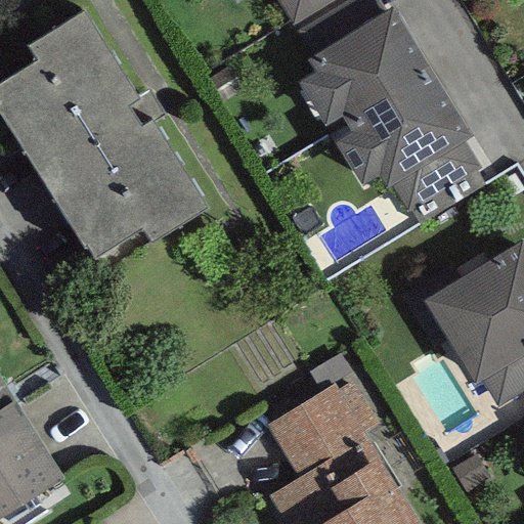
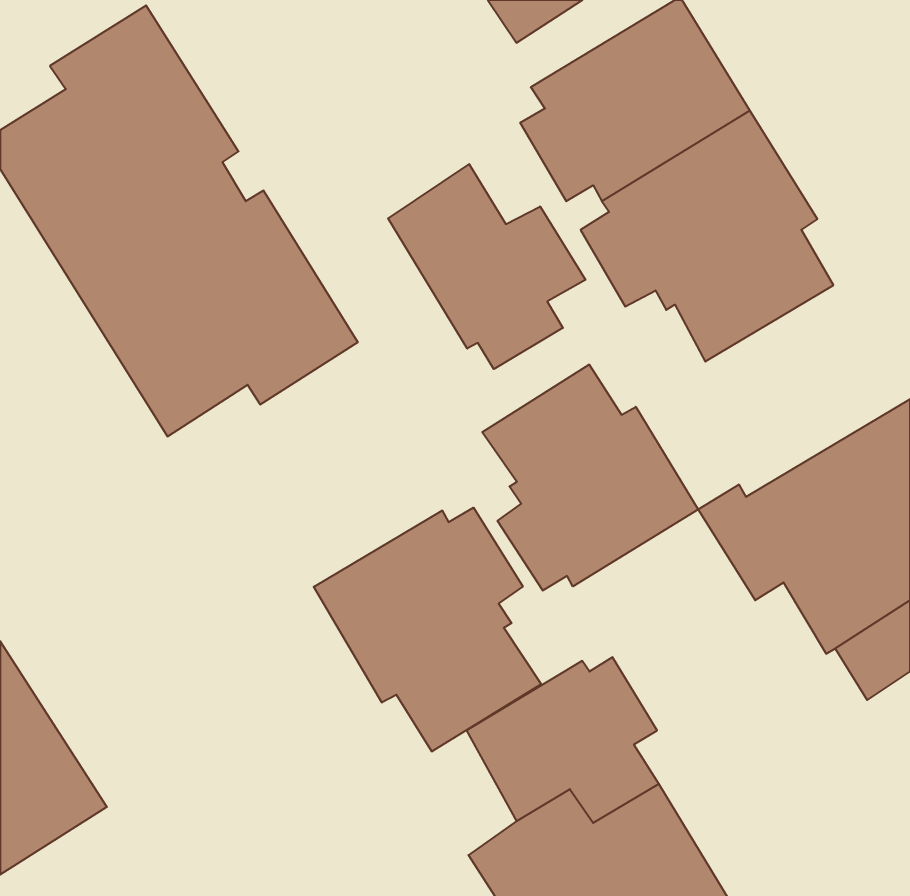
building: none -> [388,164,585,369]
building: none -> [482,364,698,591]
building: none -> [314,508,541,752]

